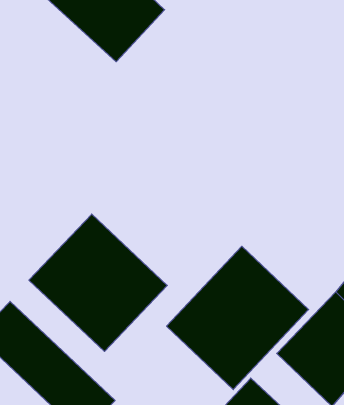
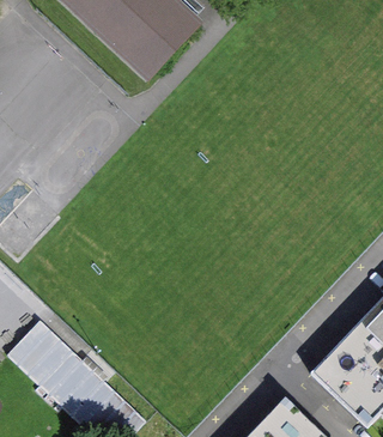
building: [29,214,167,351] -> none
building: [167,246,309,390] -> none

